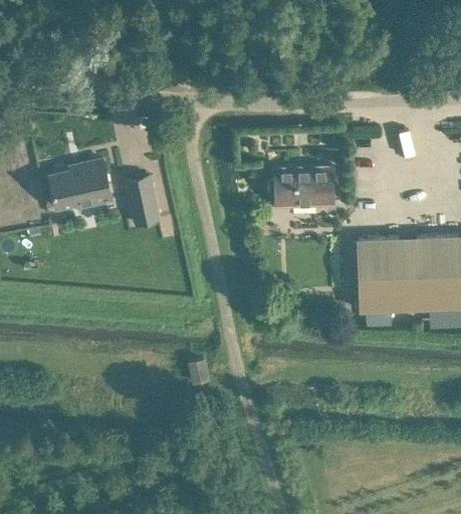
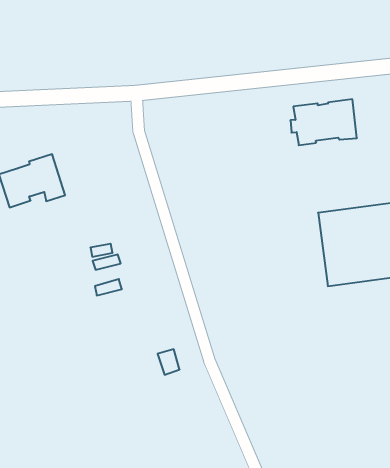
building: [270,170,333,210] -> [290,99,357,145]
building: [127,179,160,227] -> none

